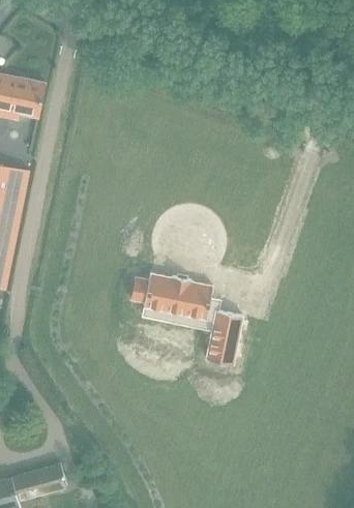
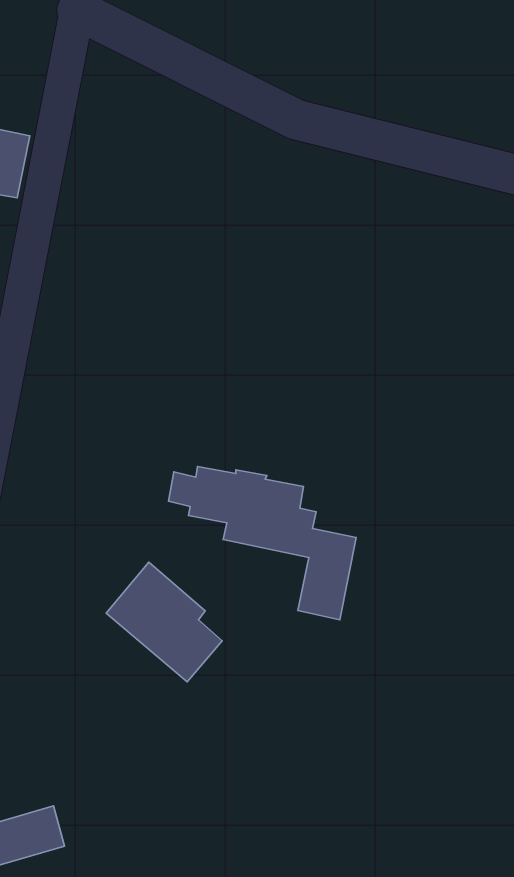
building: none -> [106,562,222,682]

